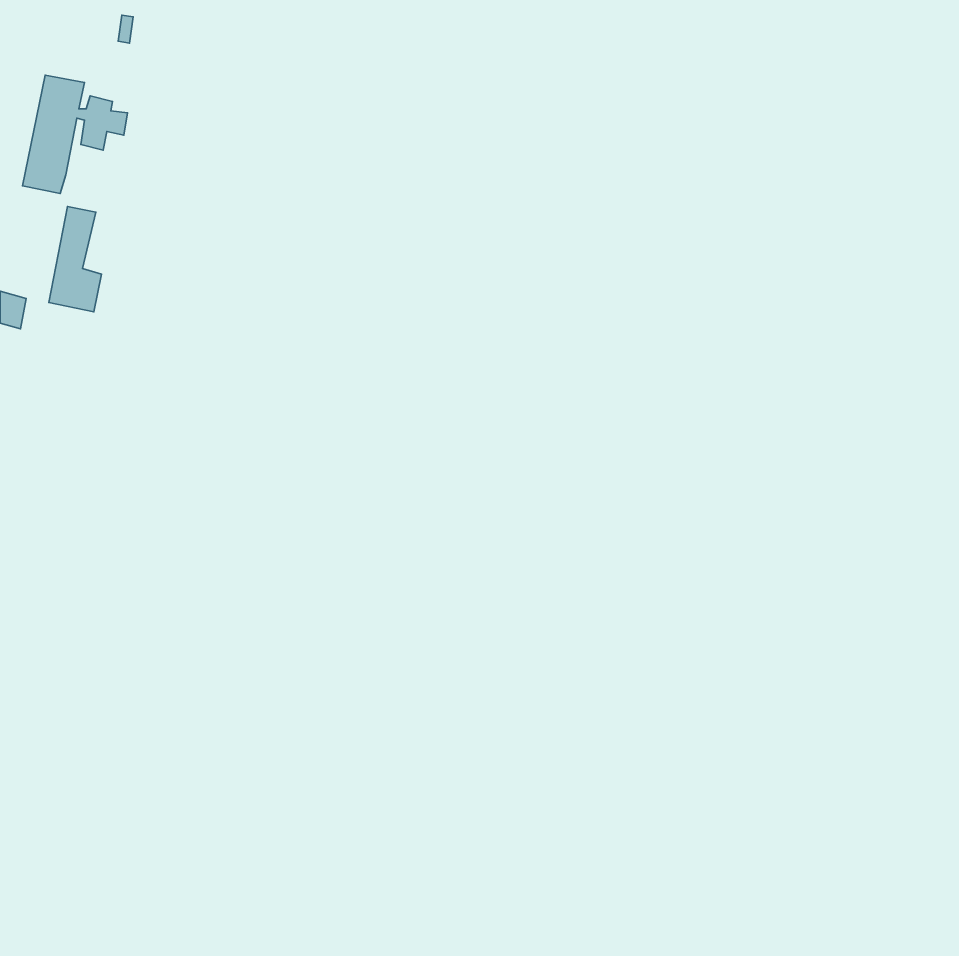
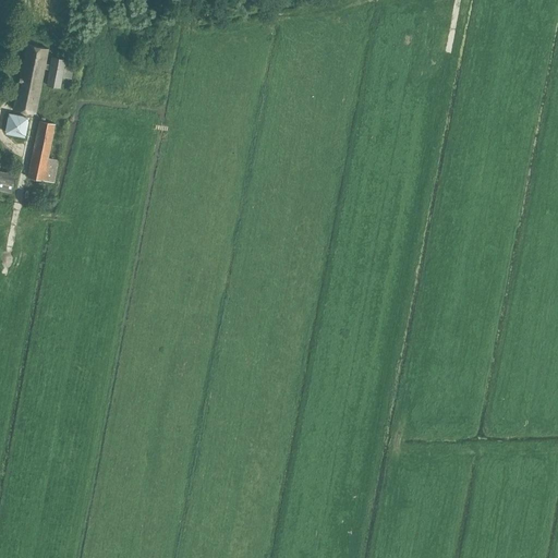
building: none -> [5,112,29,137]

